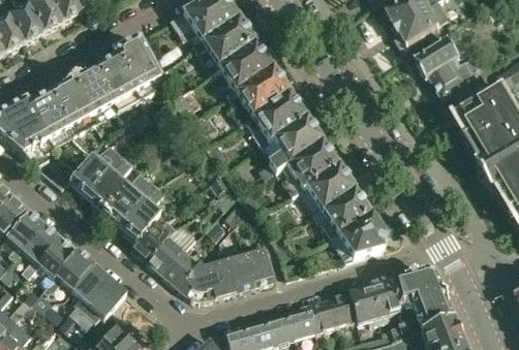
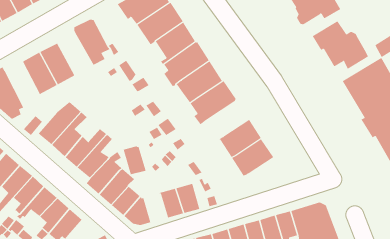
building: [94,56,140,109] -> none
building: [28,92,71,150] -> none
building: [281,141,337,195] -> none
building: [330,213,387,258] -> none
building: [204,258,234,295] -> [123,146,146,175]

